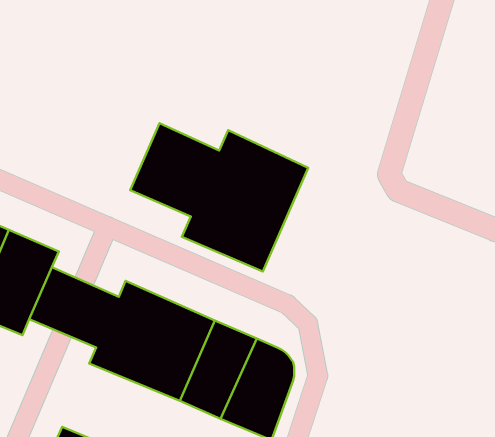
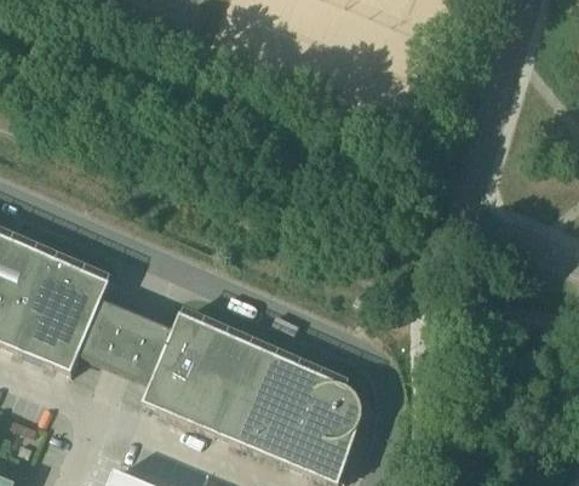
building: [130,123,308,271] -> none

